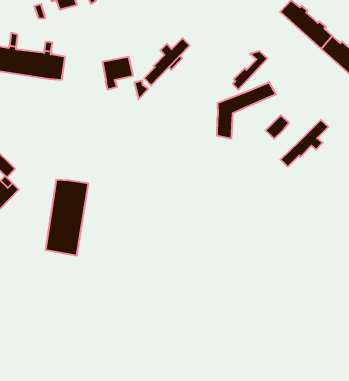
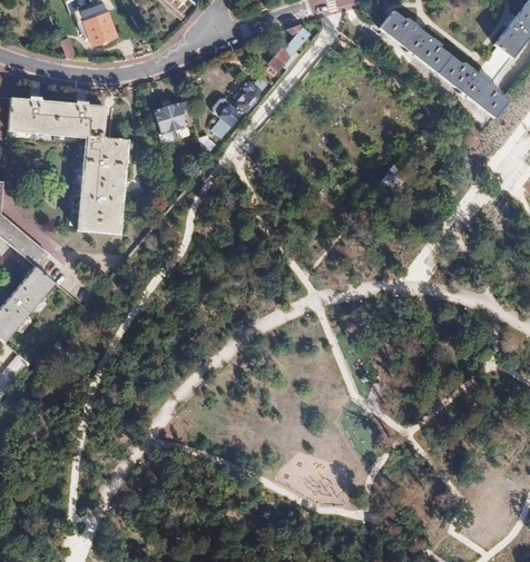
building: [233,51,268,90] -> [266,26,310,78]
building: [217,82,276,139] -> none
building: [280,120,328,167] -> none
building: [46,180,88,255] -> [78,136,128,233]

